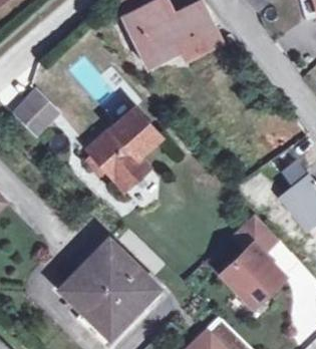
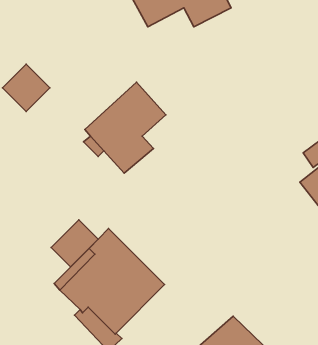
building: [221,214,283,306] -> none
building: none -> [51,220,98,267]

